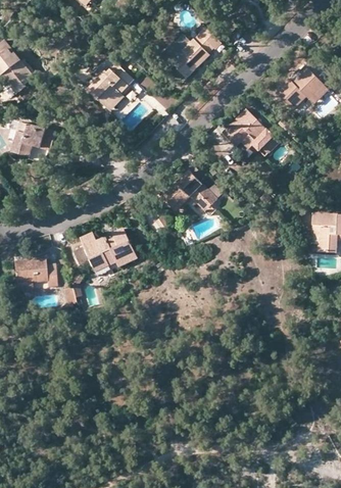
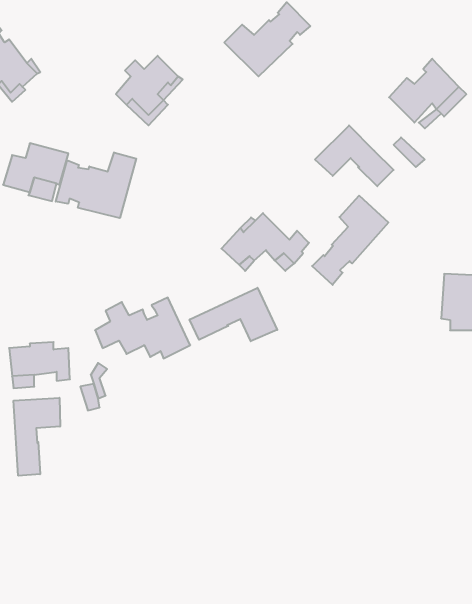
building: none -> [56,152,136,218]
building: none -> [312,196,388,285]
building: none -> [190,288,277,341]
building: none -> [14,398,60,476]

